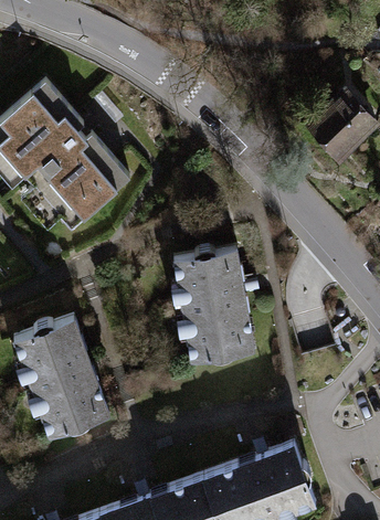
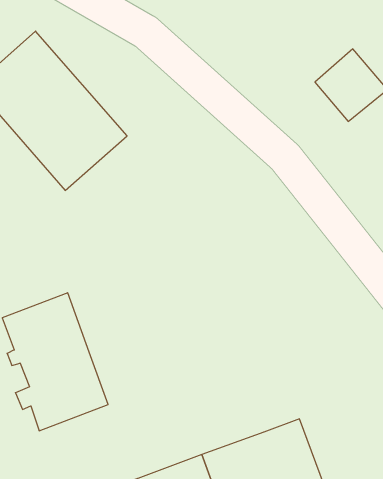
building: [175,255,256,370] -> none

